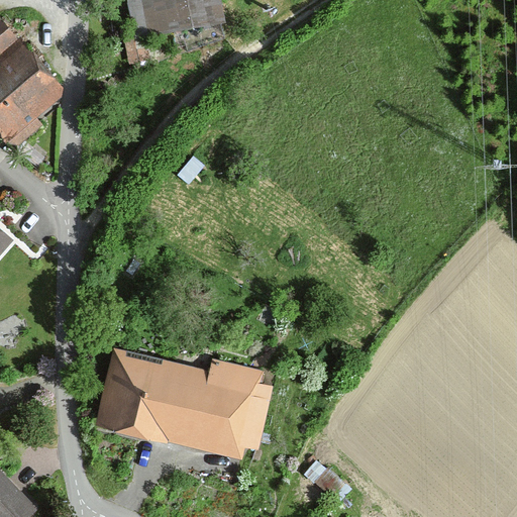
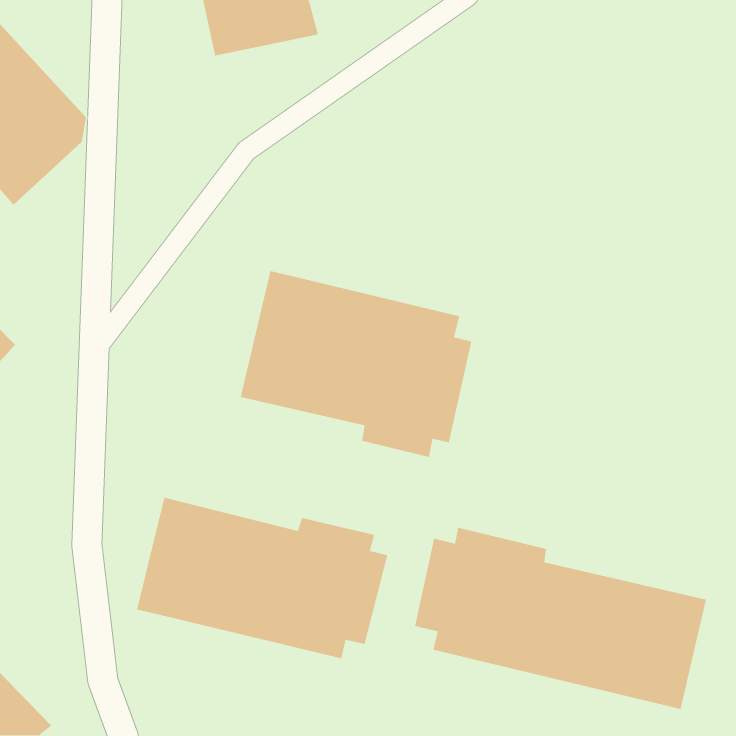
building: none -> [240,270,472,458]
building: none -> [414,527,707,710]

